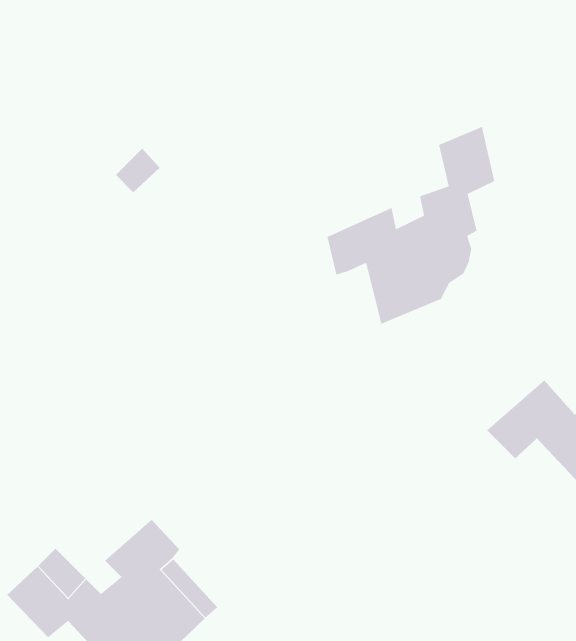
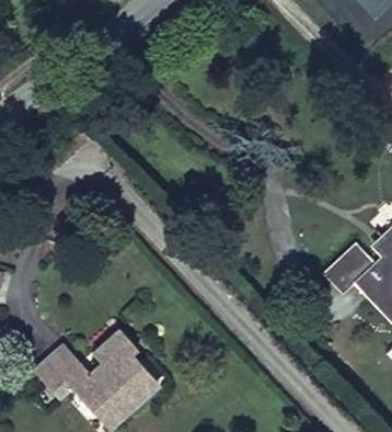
building: [327,126,495,325] -> none

